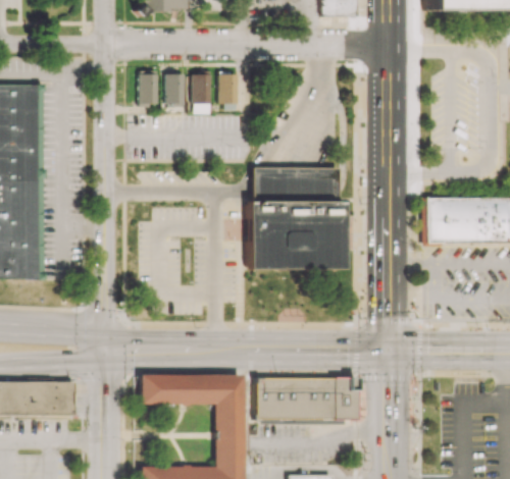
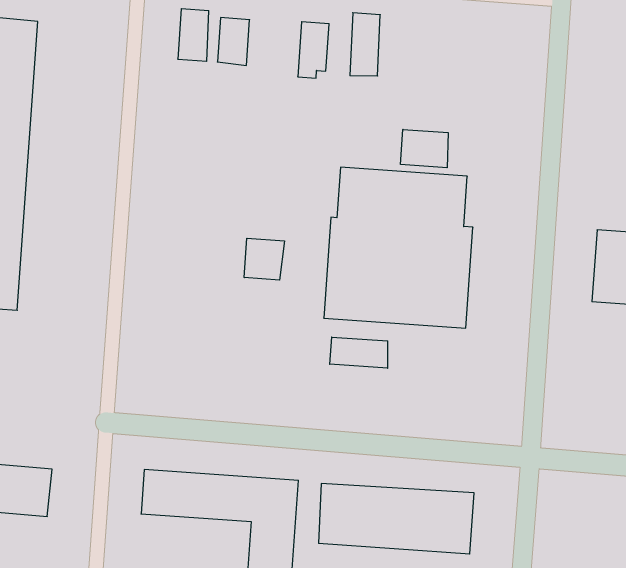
building: [192,71,211,113] -> [350,13,380,76]
building: none -> [401,129,448,168]
building: none -> [244,238,284,280]
building: none -> [330,337,388,368]

